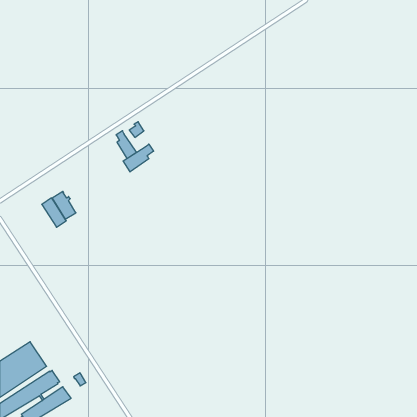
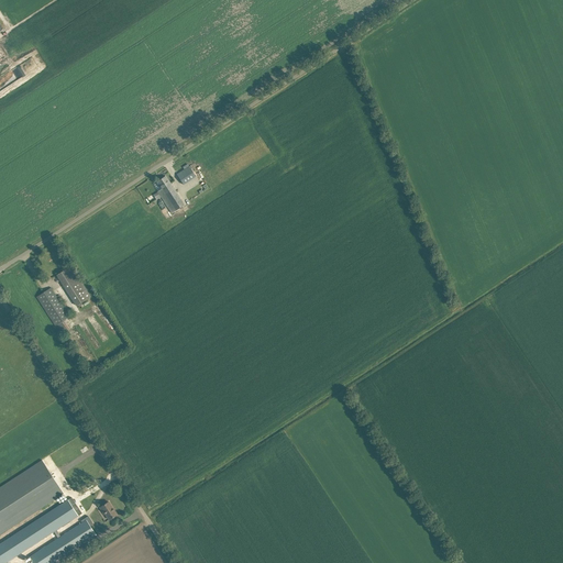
building: [123,144,154,172] -> none
building: [52,191,76,219] -> [36,289,68,327]

